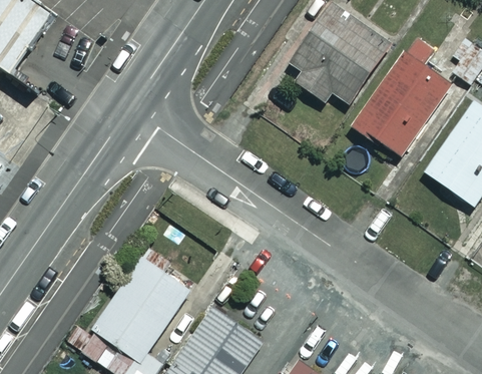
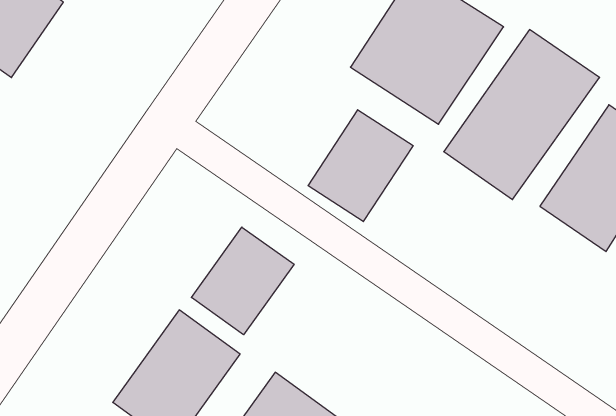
building: none -> [308,110,413,222]
building: none -> [191,227,294,335]

